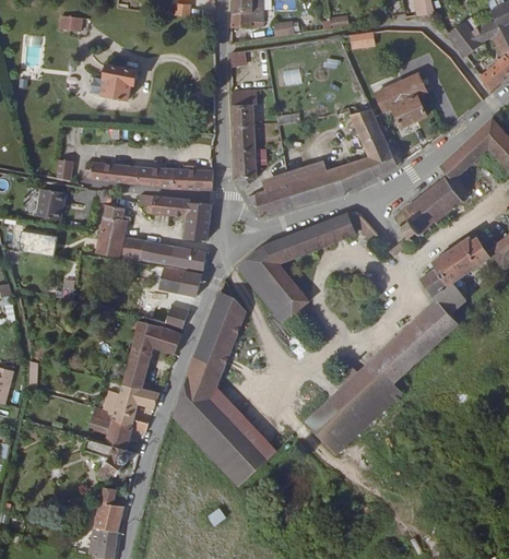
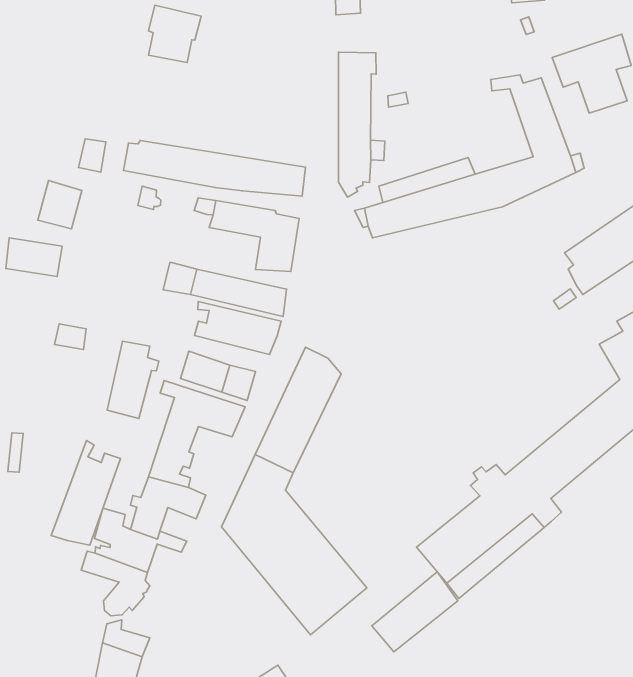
building: [98,209,131,260] -> [107,341,159,418]
building: [238,211,378,322] -> none
building: none -> [51,440,120,545]
building: none -> [372,572,458,652]

